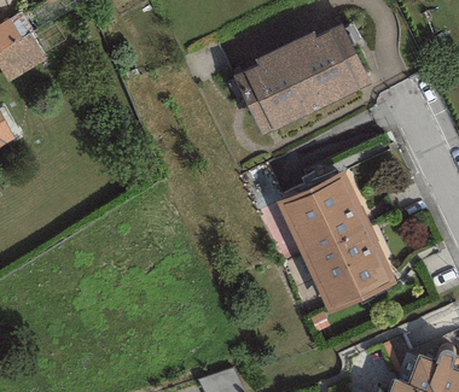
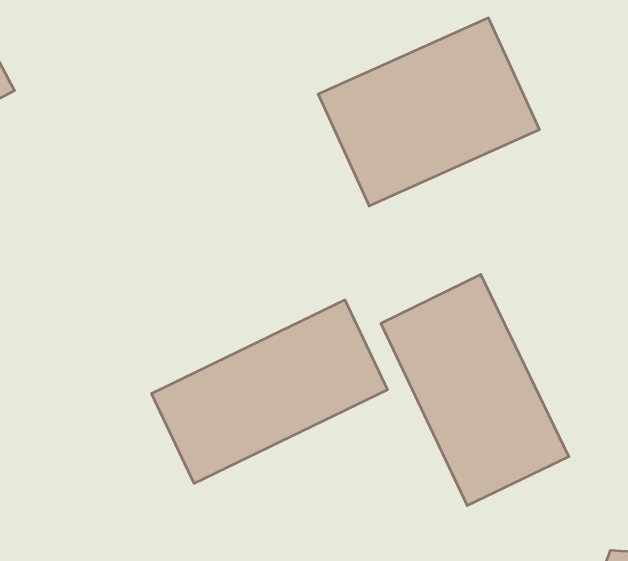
building: none -> [152,300,387,483]

